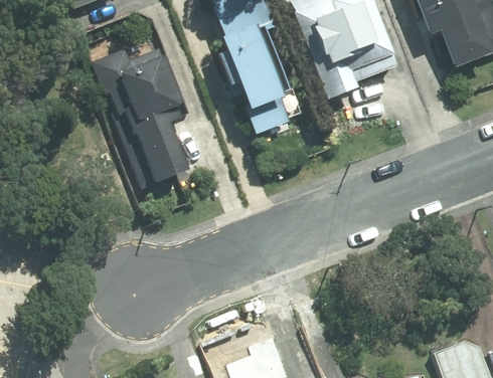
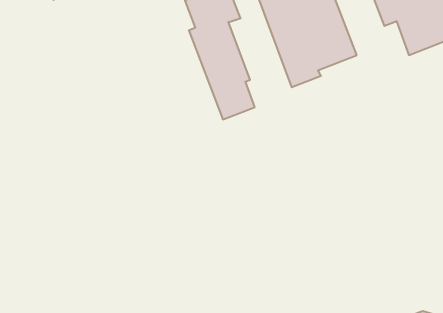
building: [97,48,188,189] -> none

